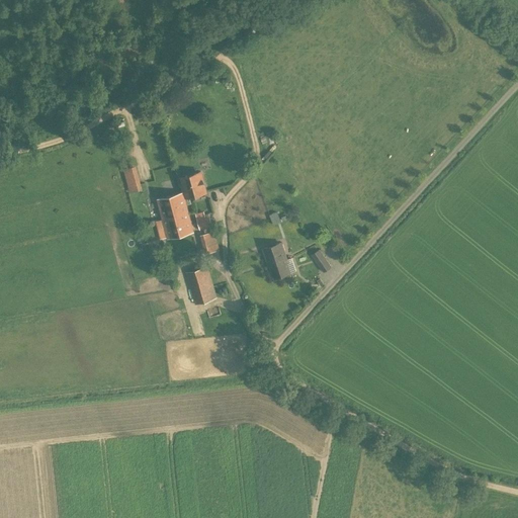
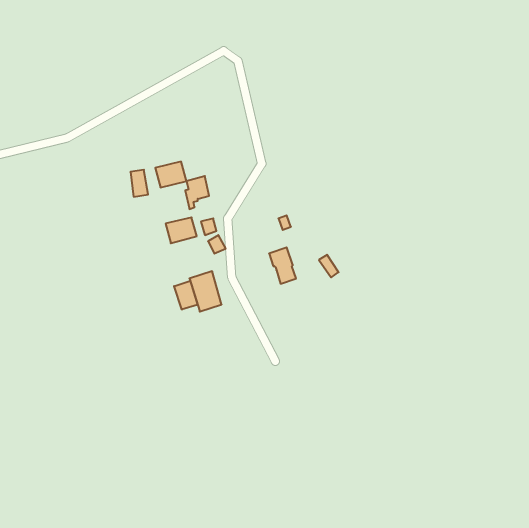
building: [157,194,187,220] -> [155,162,186,187]
building: none -> [174,281,197,310]

